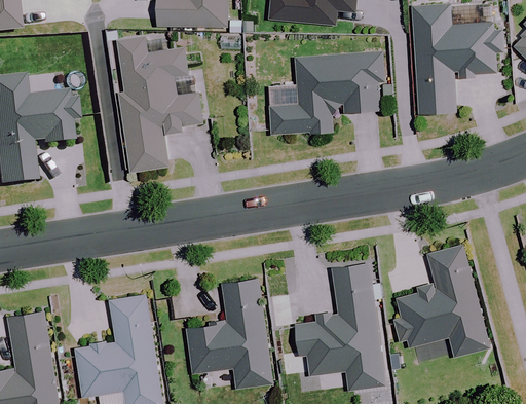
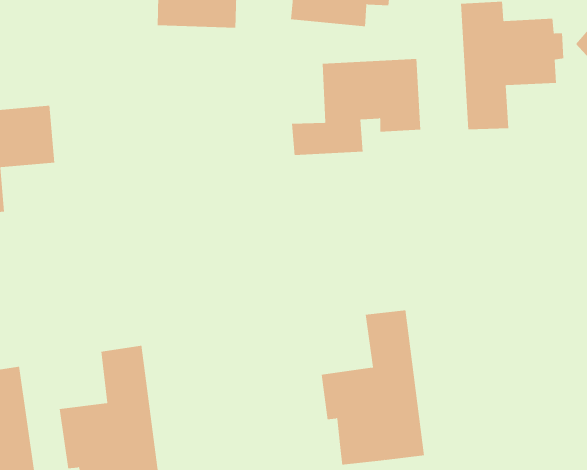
building: [116,37,202,171] -> none
building: [394,245,488,362] -> none
building: [189,278,271,391] -> none

